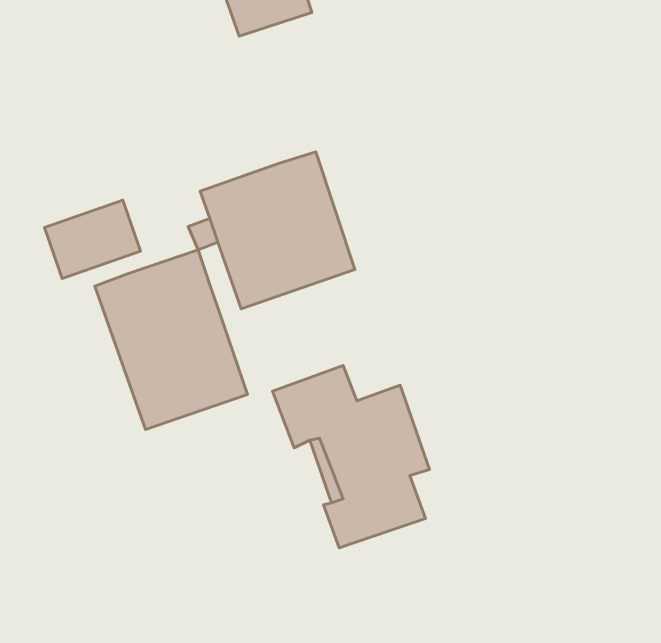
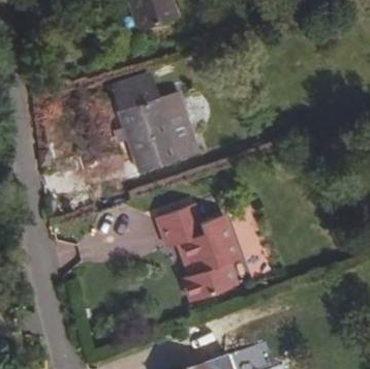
building: [44,200,141,278] -> [111,69,161,111]
building: [95,250,247,430] -> none

